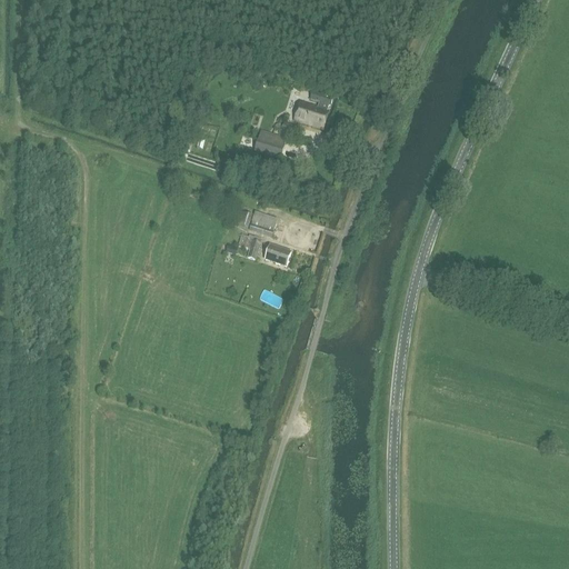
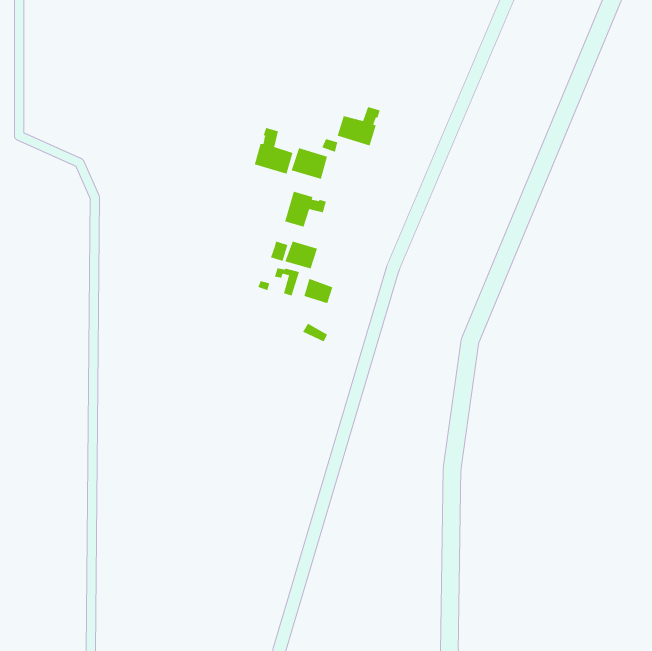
building: none -> [254,127,293,175]
building: none -> [284,191,327,227]

